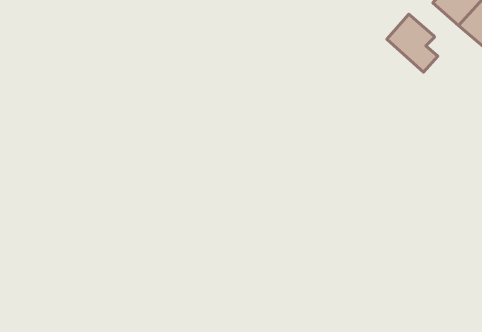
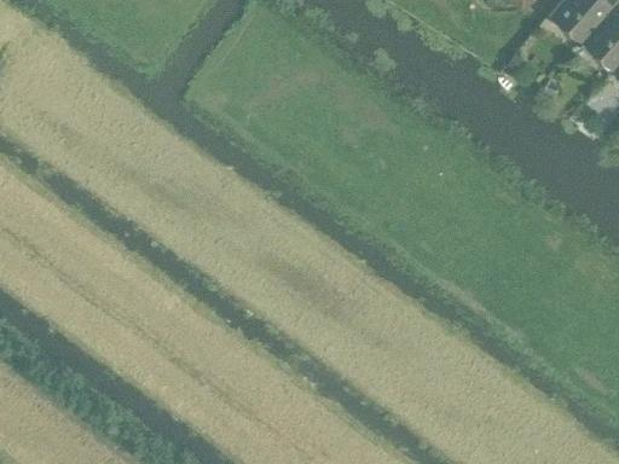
building: [387,14,438,72] -> none

